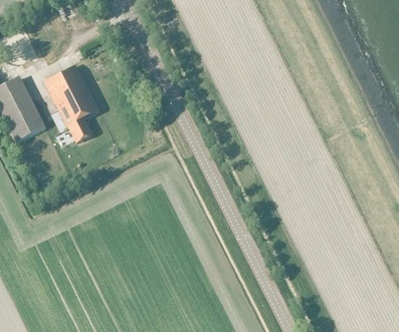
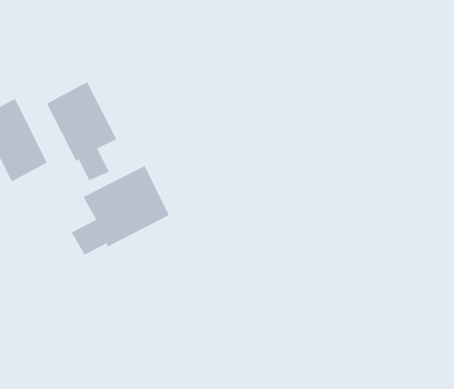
building: none -> [71,165,170,256]

